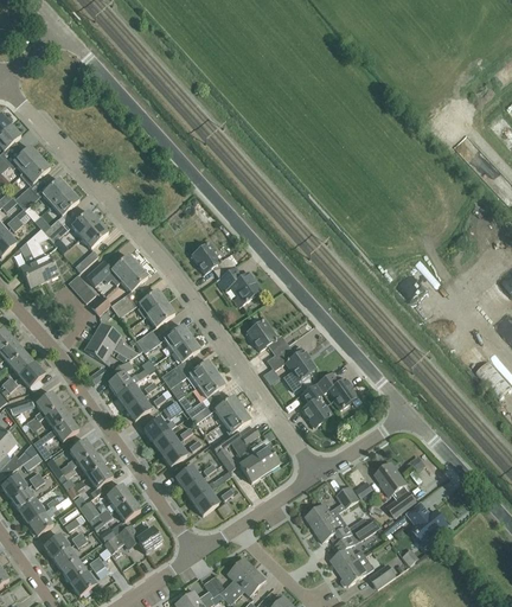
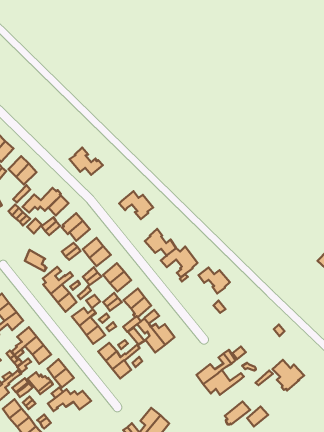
building: [192,241,236,277] -> [70,148,103,175]
building: [92,322,139,359] -> none
building: [301,383,333,426] -> none
building: [375,461,416,516] -> none
building: [329,518,379,573] -> none

